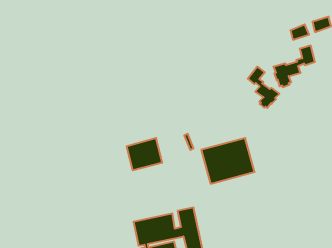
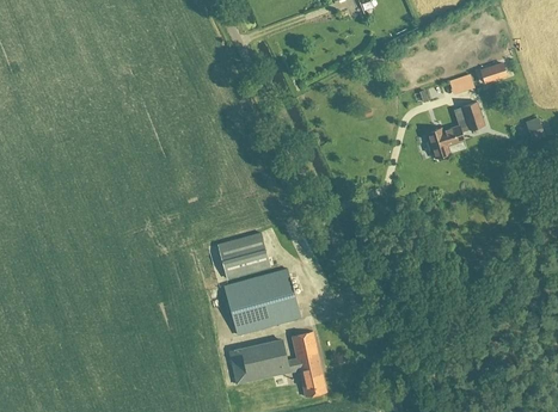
building: [248,67,279,108] -> none
building: [201,138,255,184] -> [225,269,300,333]

